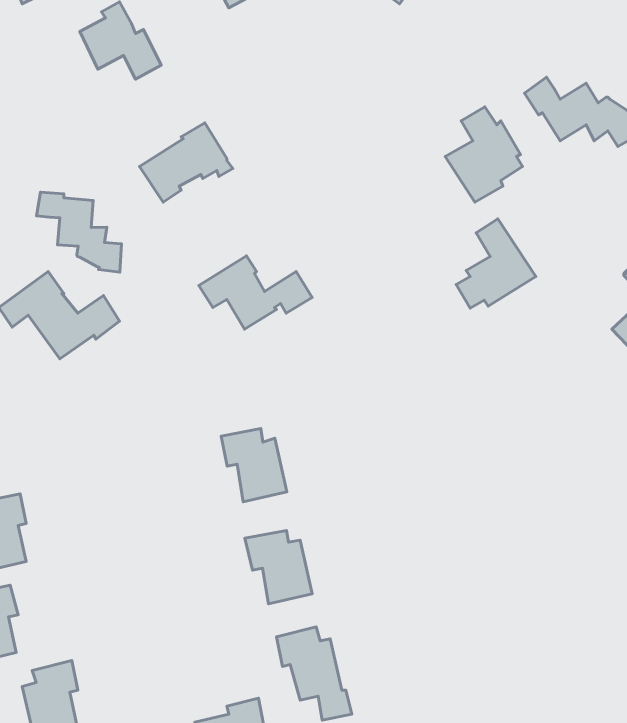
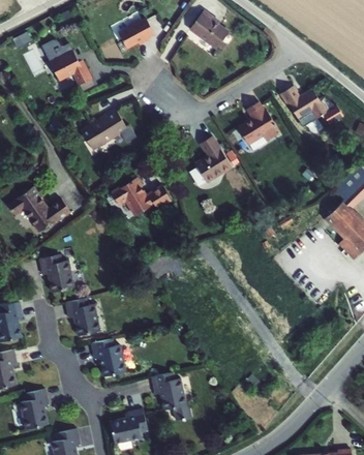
building: [37,192,121,272] -> none
building: [456,219,536,308] -> [189,137,231,183]
building: none -> [38,254,73,293]
building: [221,428,287,502] -> [65,298,99,336]
building: [245,530,312,604] -> [90,338,125,376]

